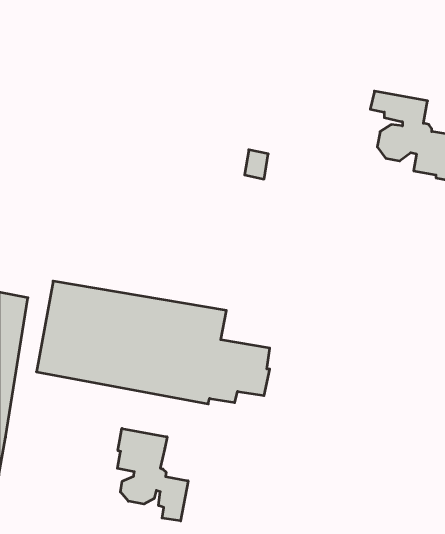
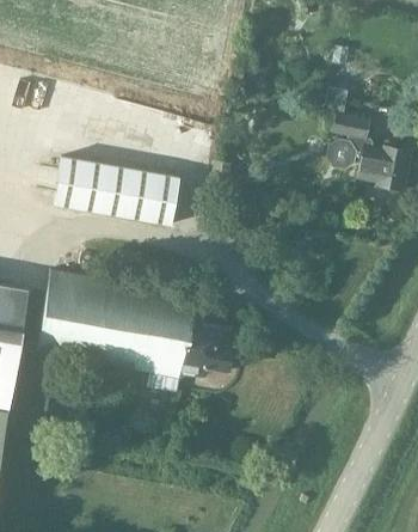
building: none -> [55,157,180,225]
building: [117,428,188,521] -> none

